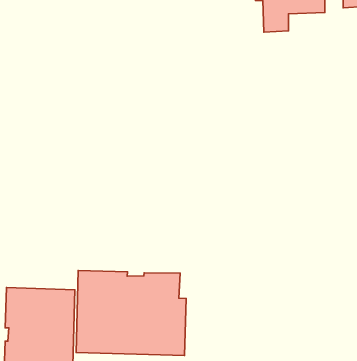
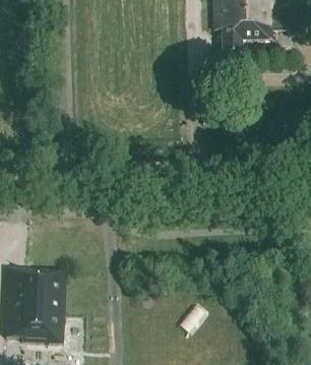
building: [76,270,186,356] -> none

